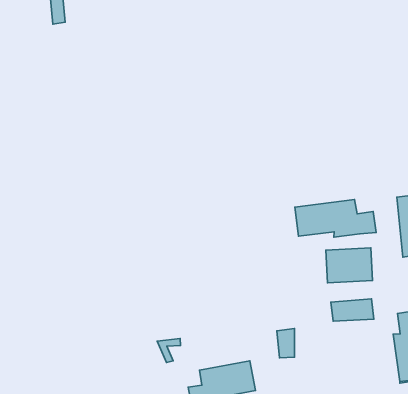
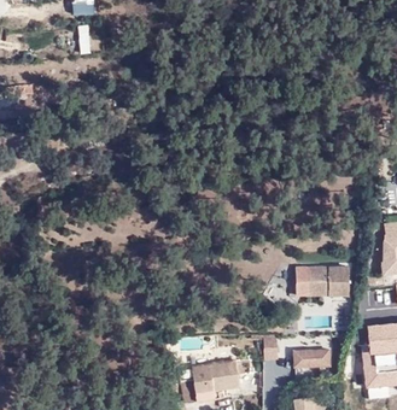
building: [295,200,376,237] -> none
building: [331,299,374,321] -> [293,350,331,368]

